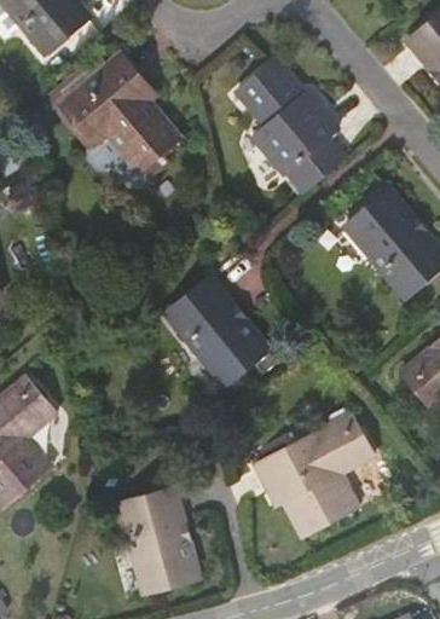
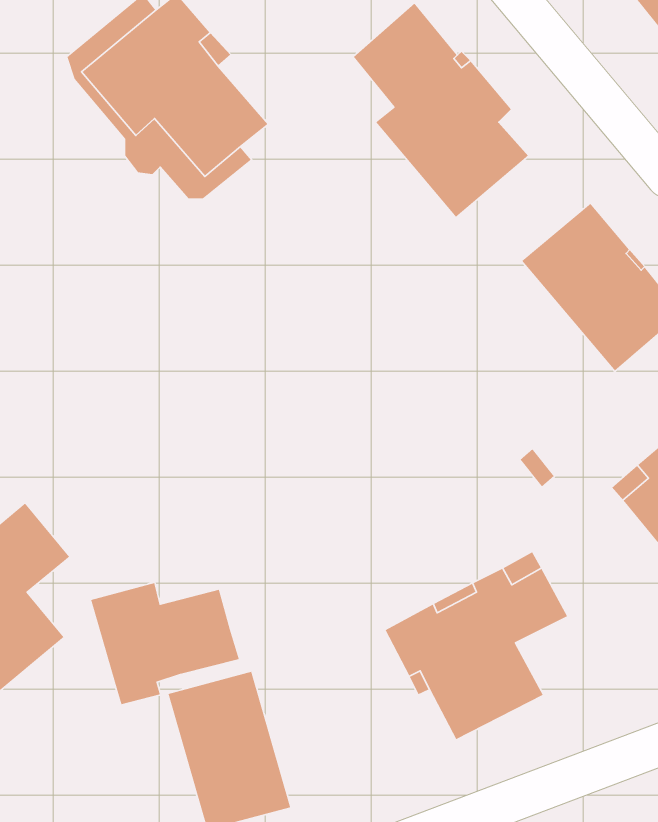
building: [164,277,266,384] -> none
building: none -> [90,582,240,705]

